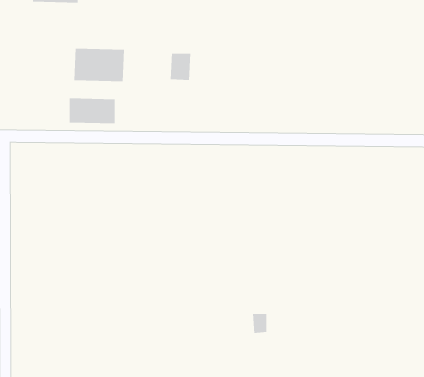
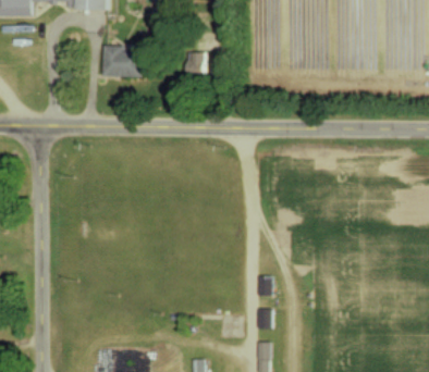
building: [69,98,115,124] -> none

